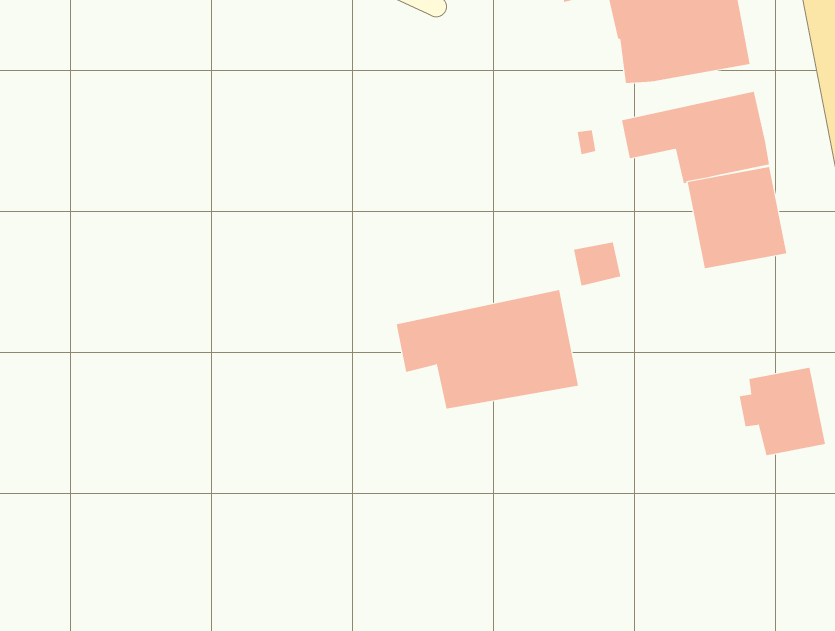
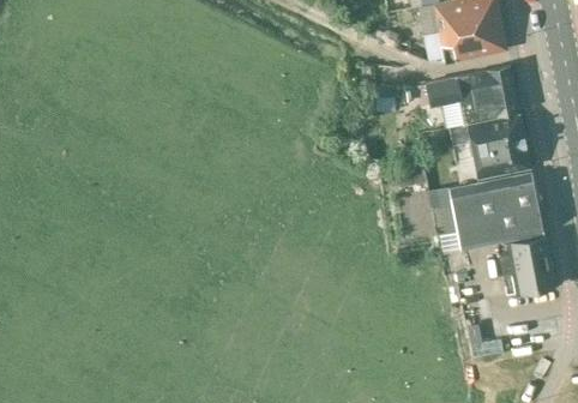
building: [396,289,579,409] -> [428,173,542,247]

